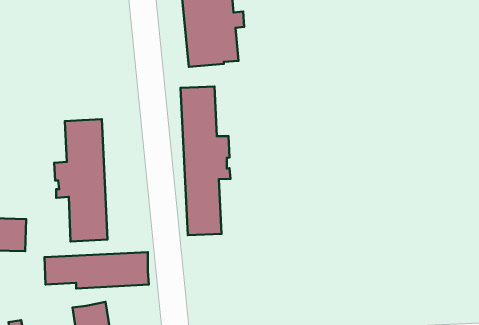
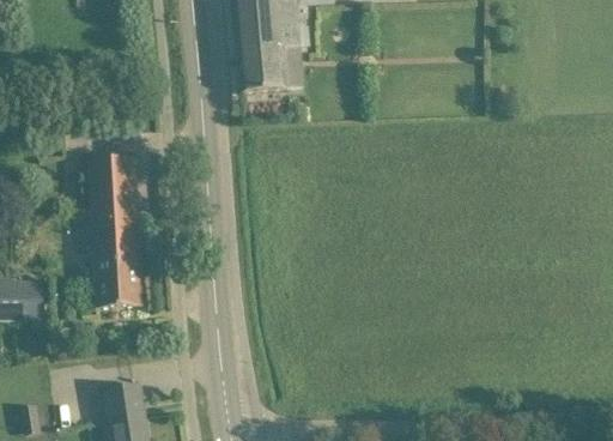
building: [181,86,230,235] -> none
building: [44,252,149,288] -> none

